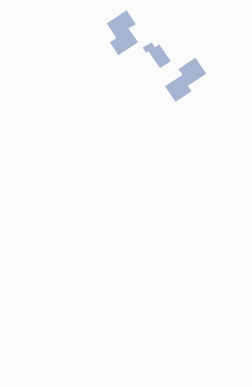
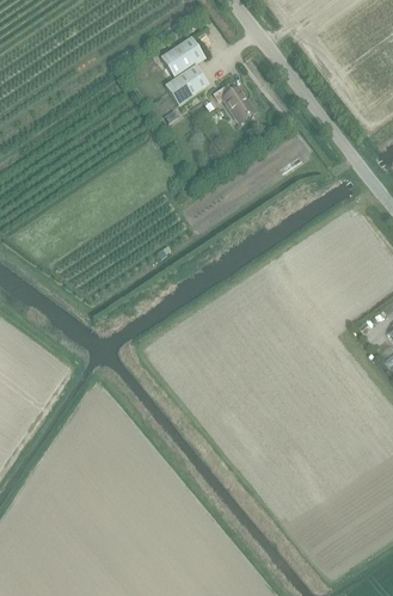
building: [164,57,207,103] -> none

